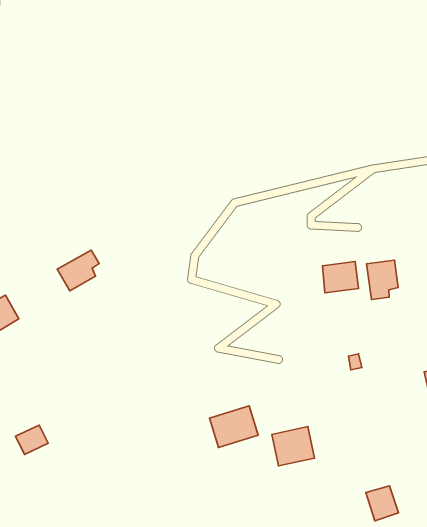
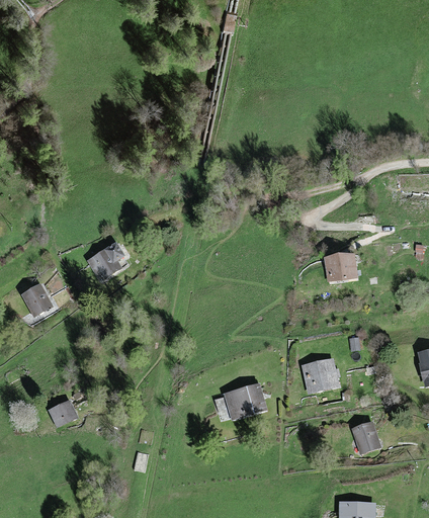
building: [367,260,398,299] -> none
building: [272,426,315,466] -> [302,358,340,394]
building: [366,486,399,521] -> [352,421,381,452]

